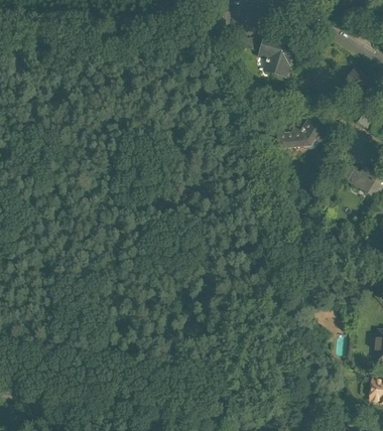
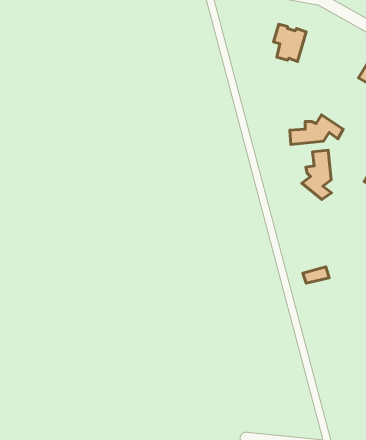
building: none -> [302,150,332,199]

